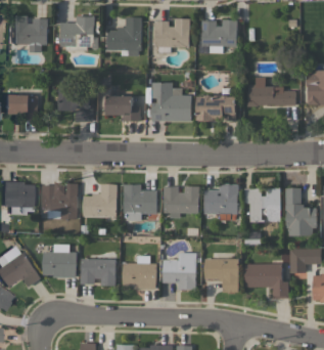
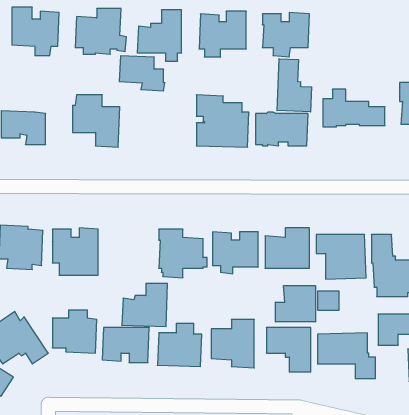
building: none -> [277,59,312,112]
building: [107,95,142,122] -> [119,56,165,91]
building: [84,184,119,217] -> [122,284,167,327]
building: none -> [276,286,315,322]

